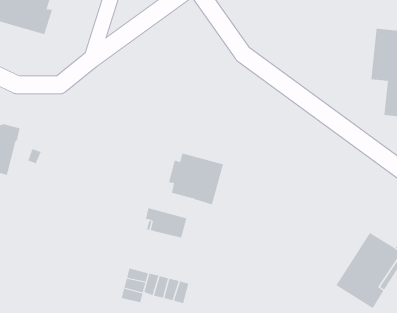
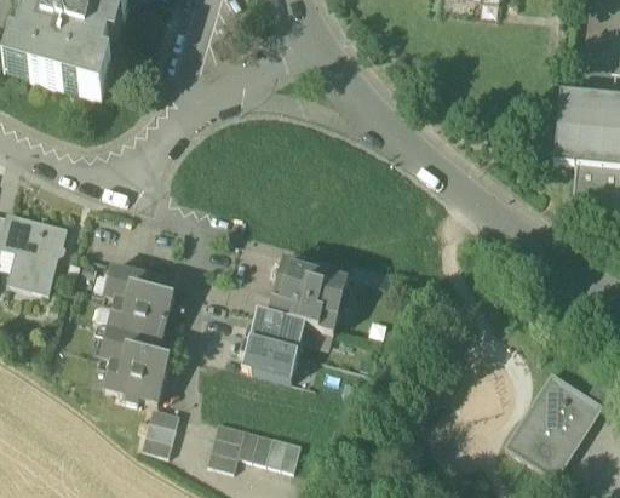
building: none -> [98,265,173,403]
building: none -> [243,311,306,353]
building: none -> [140,407,179,456]

